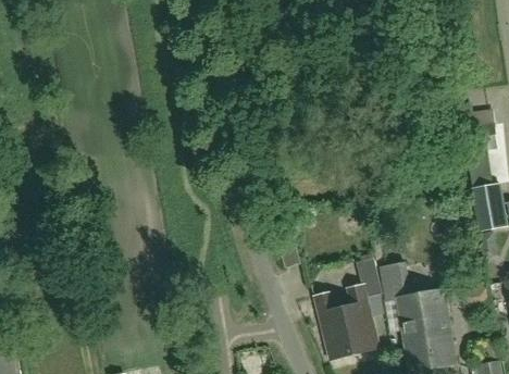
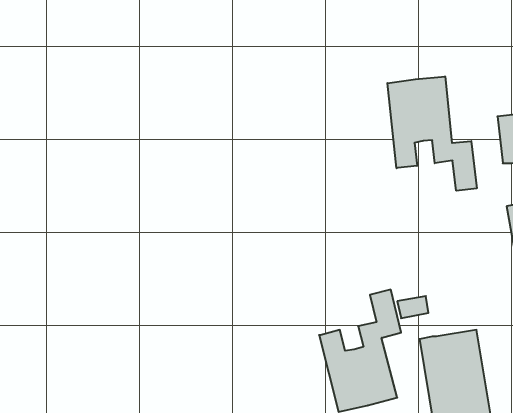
building: none -> [387,76,477,191]

